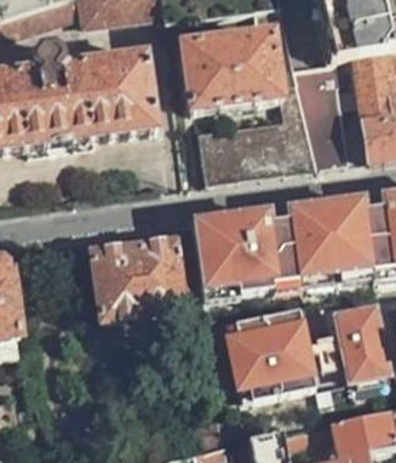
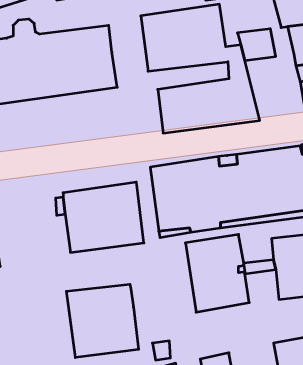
building: [299,91,349,164] -> none
building: none -> [66,284,139,358]

